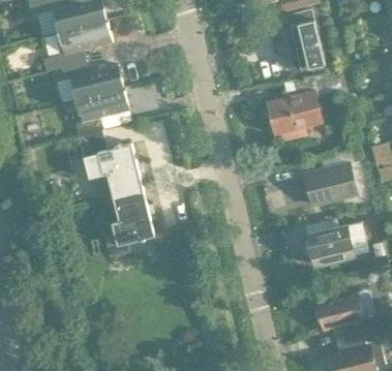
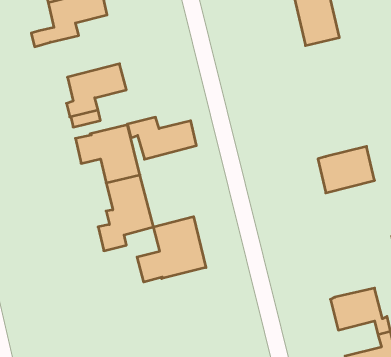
building: [60,62,123,100] -> [127,117,196,159]
building: [266,90,322,136] -> none
building: [305,225,354,267] -> none
building: none -> [137,217,206,282]

